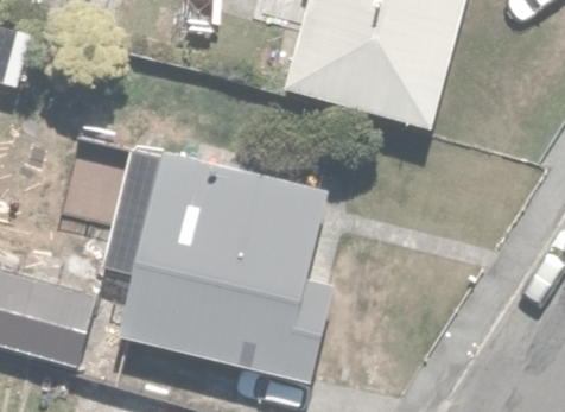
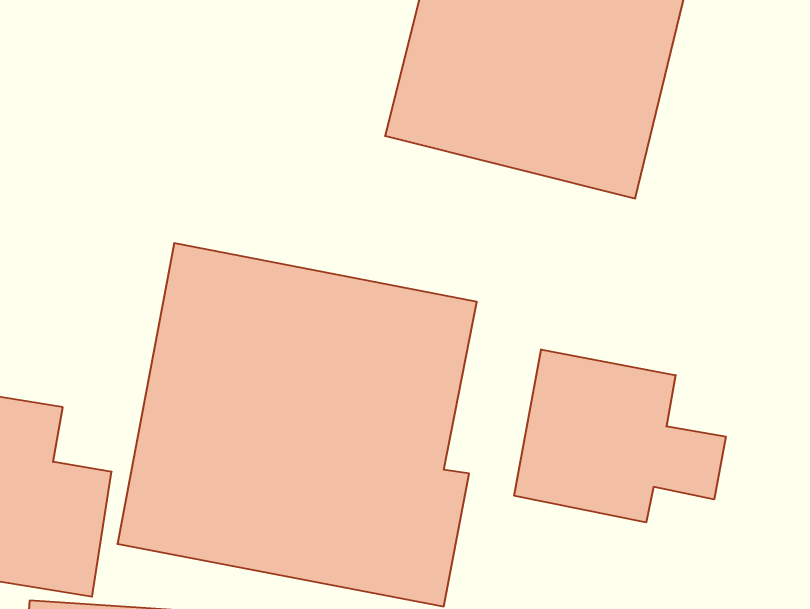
building: none -> [514,349,726,522]

